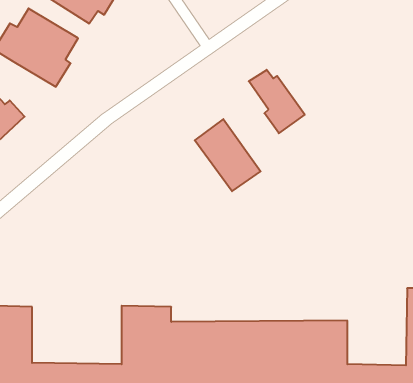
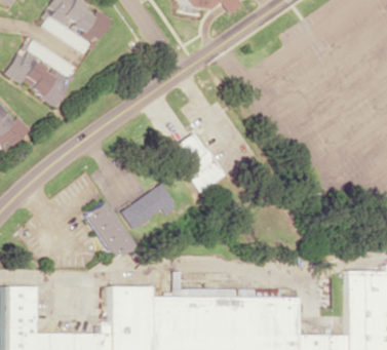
building: [249,70,305,133] -> none
building: none -> [120,184,177,229]
building: none -> [82,200,132,258]

